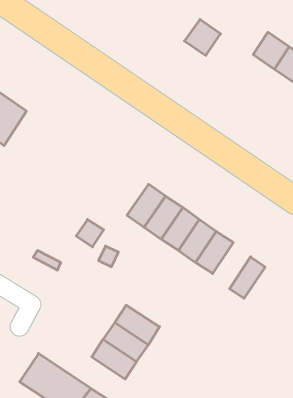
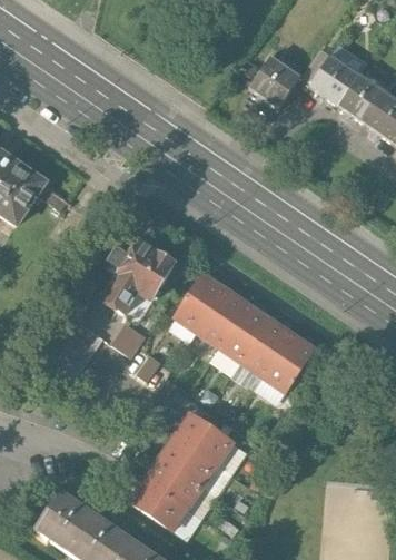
building: none -> [311,58,358,106]
building: none -> [103,238,176,312]
building: [230,257,265,298] -> none
building: none -> [175,407,234,459]

